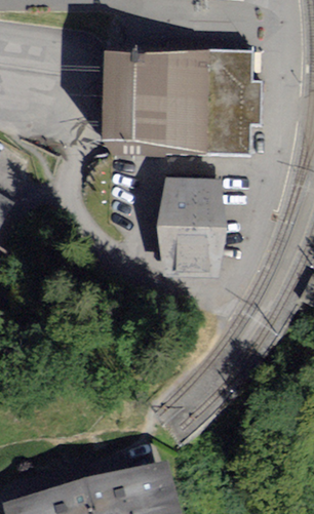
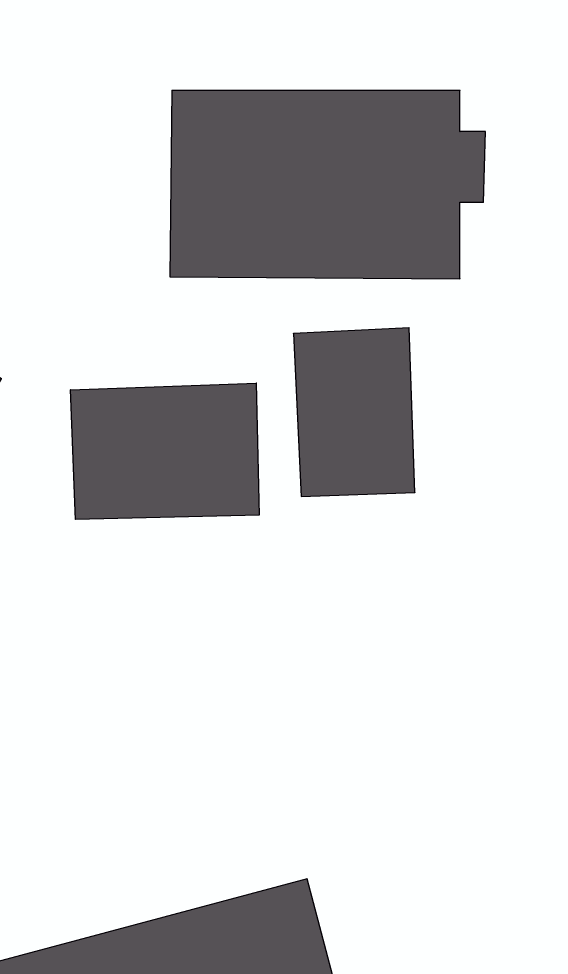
building: none -> [71,383,259,519]

